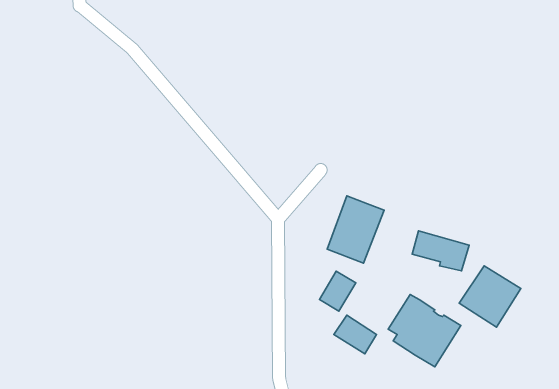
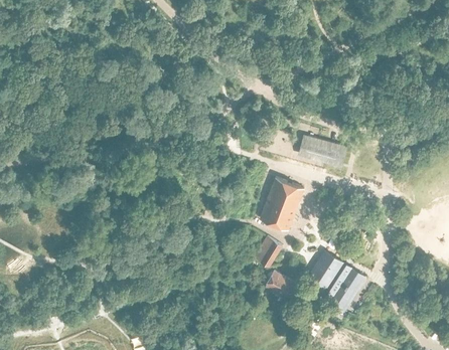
building: [412,231,469,271] -> [303,135,347,166]
building: [459,266,521,327] -> none

